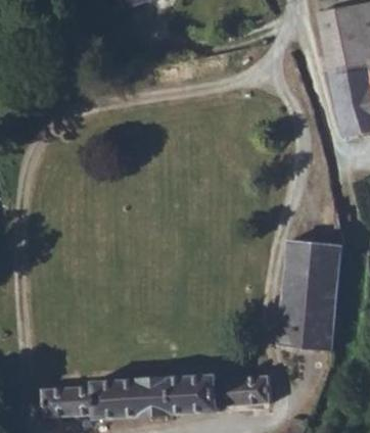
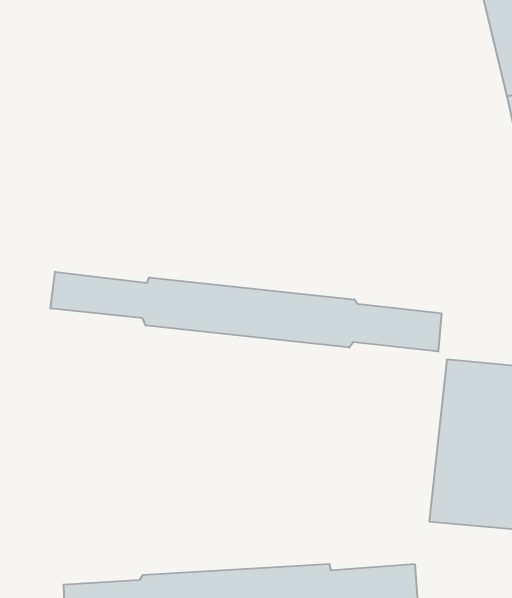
building: none -> [50,272,441,352]

